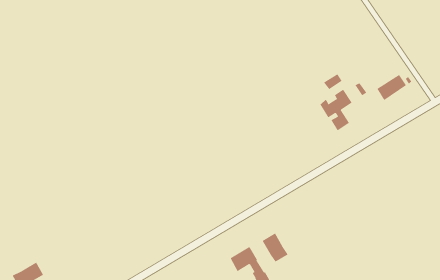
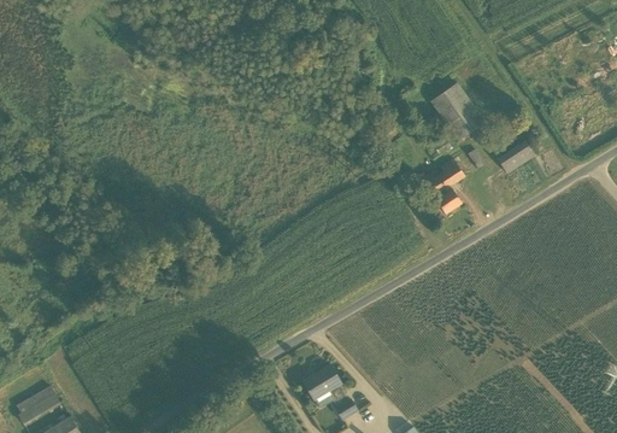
building: none -> [430,82,483,140]
building: [262,233,289,263] -> none

